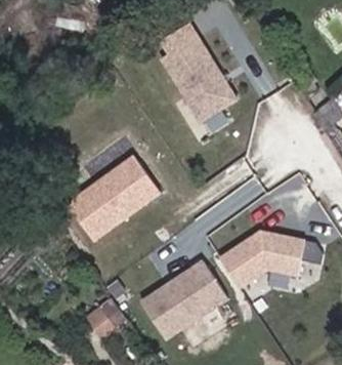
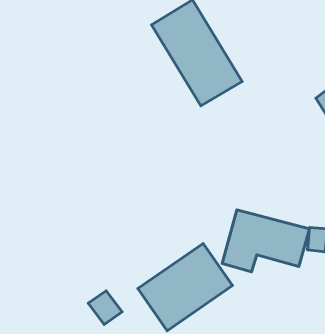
building: [66,152,162,242] -> none

